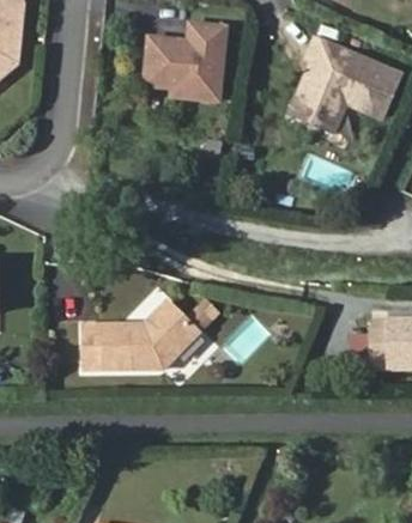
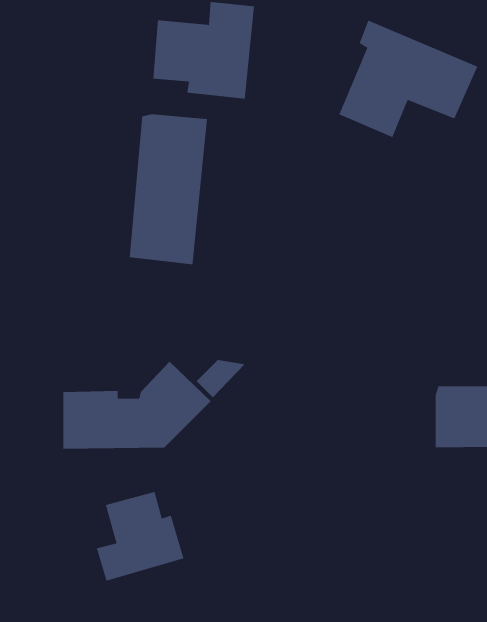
building: none -> [129,113,207,265]
building: none -> [96,491,184,581]

